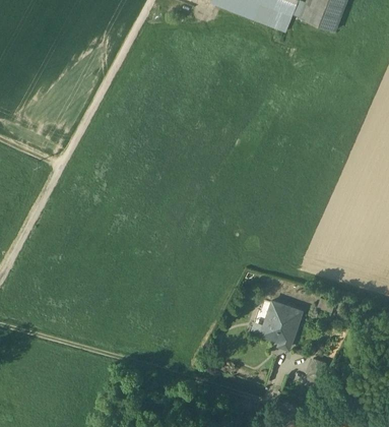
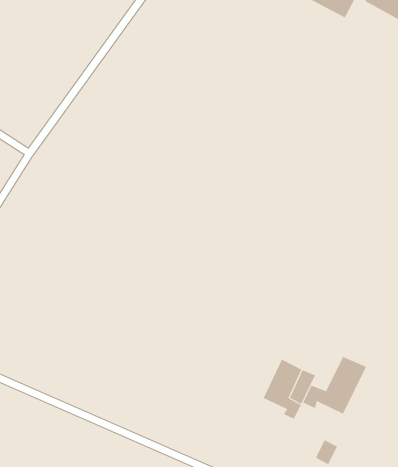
building: none -> [303,356,367,415]

